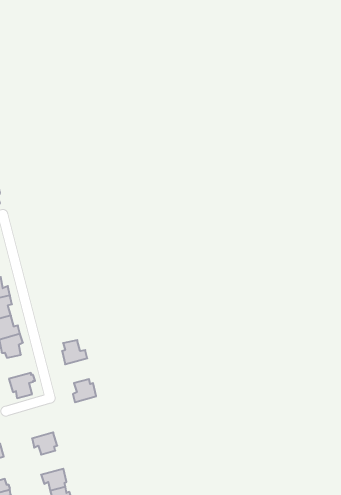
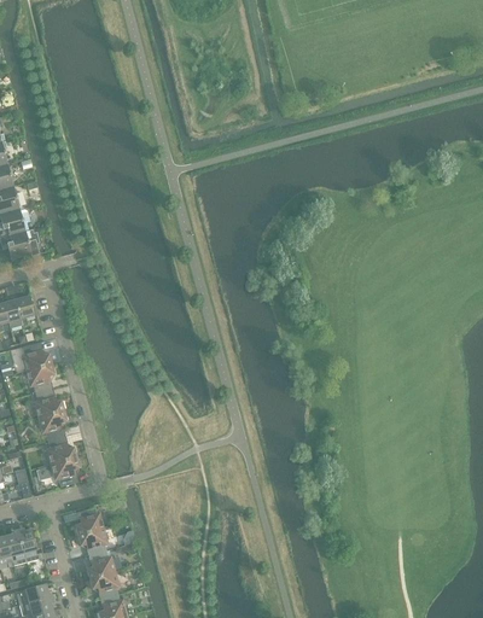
building: [62,340,87,364] -> [46,435,76,464]
building: [73,379,96,402] -> [75,507,103,535]
building: none -> [86,549,115,578]

